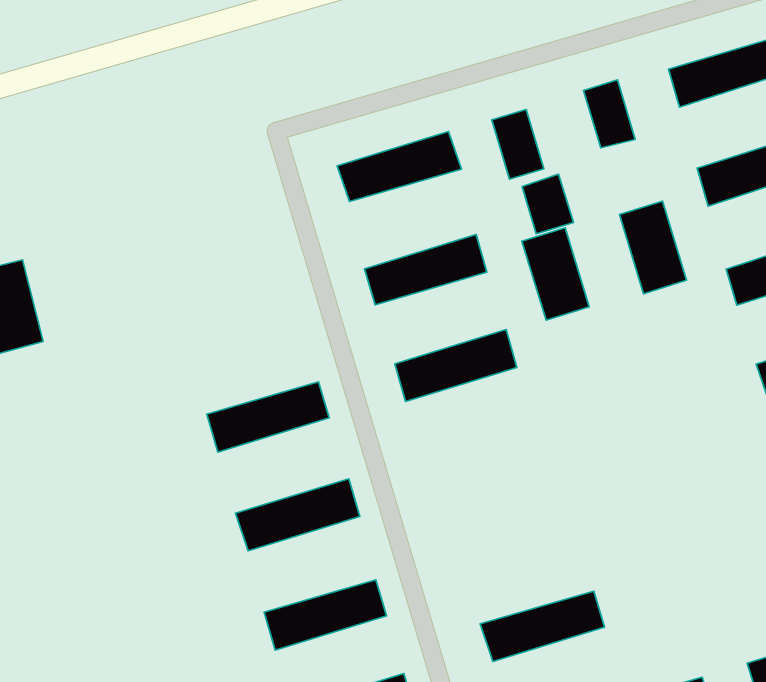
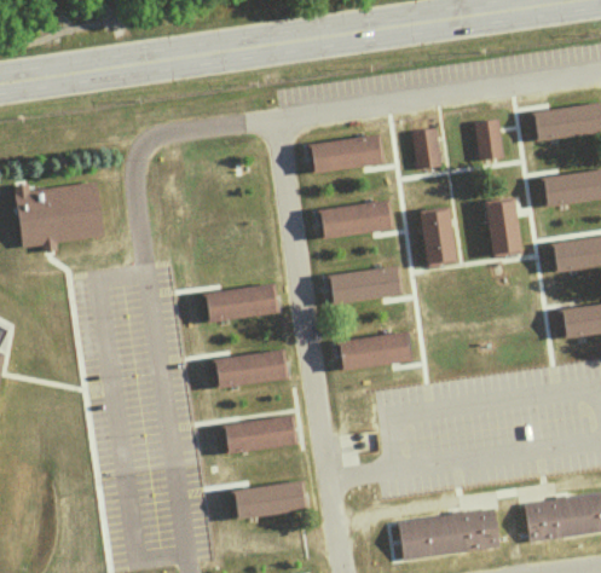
building: [522,174,573,234] -> none
building: [480,591,604,661] -> [333,335,412,371]

